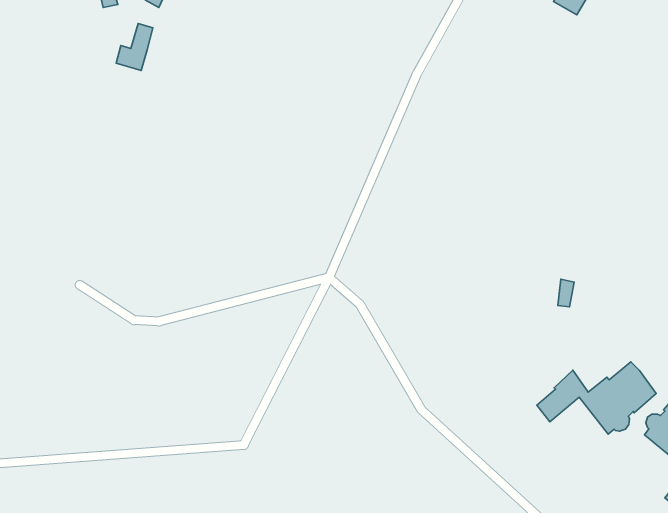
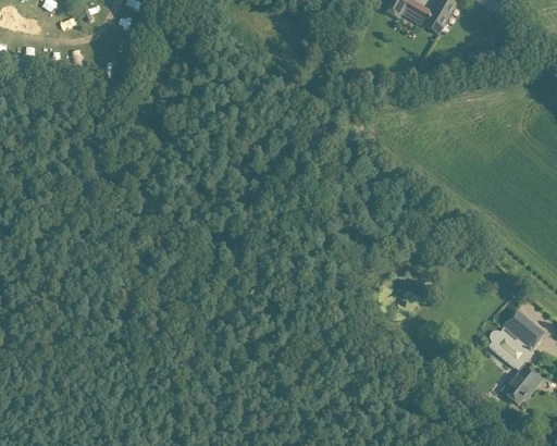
building: [537,362,656,434] -> none

